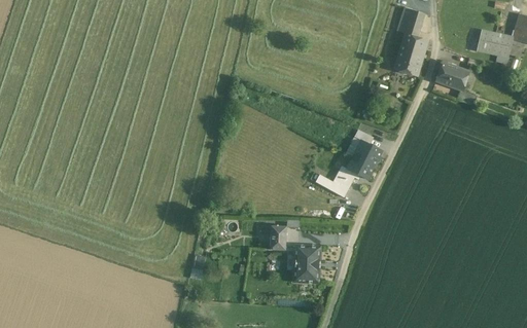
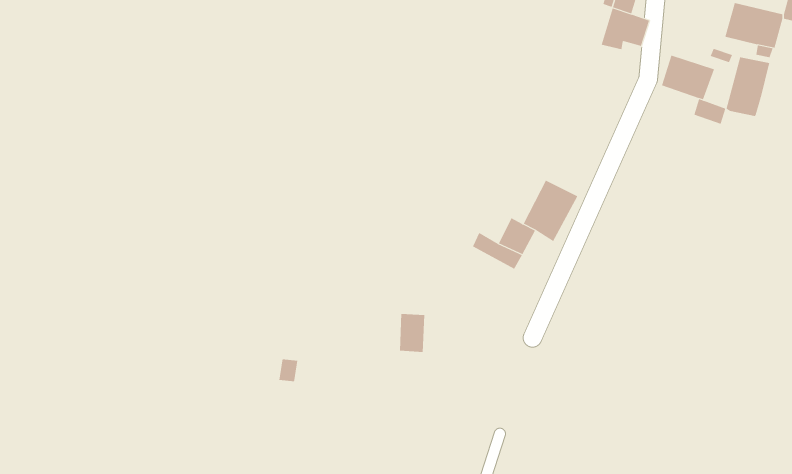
building: [393,53,423,76] -> none
building: none -> [726,56,770,117]
building: [293,246,319,282] -> none

